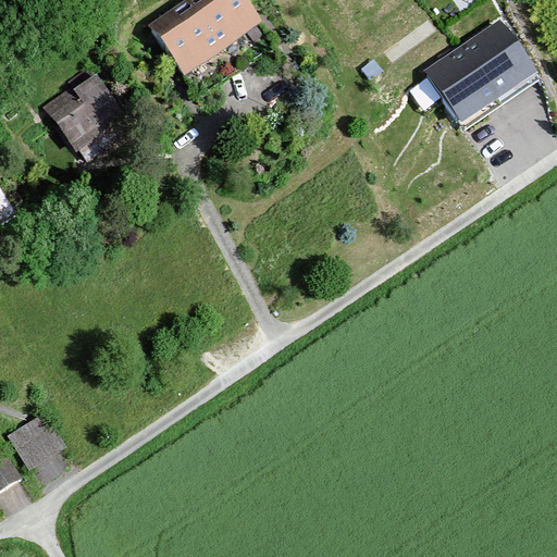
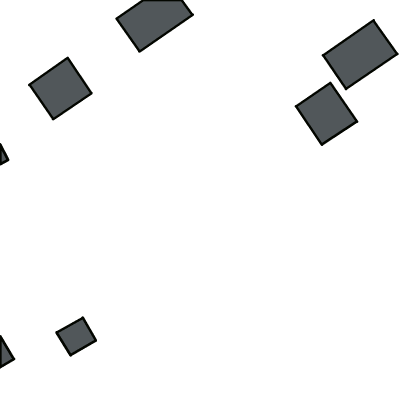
building: none -> [296,83,357,145]
building: [12,417,64,467] -> [57,318,96,355]

